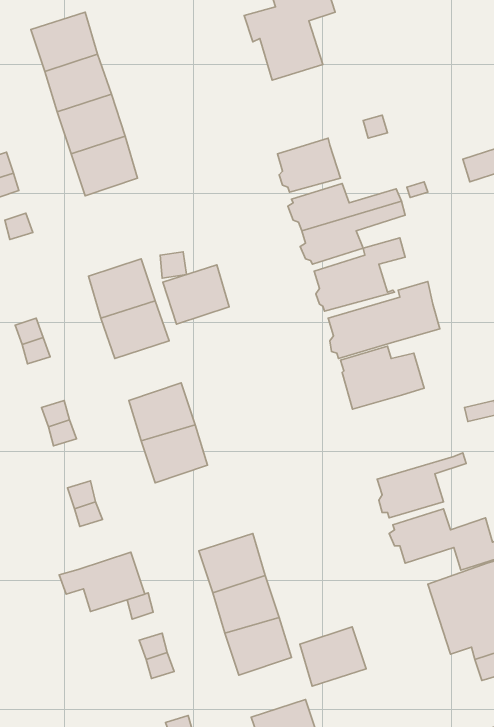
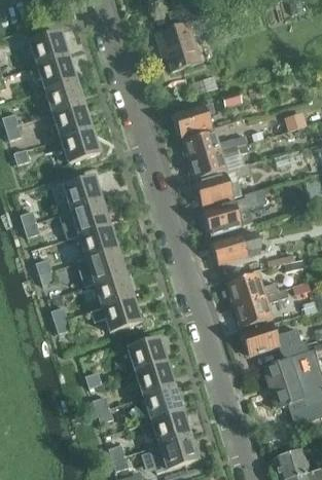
building: none -> [61,128,100,162]
building: [163,265,229,324] -> [78,224,117,259]
building: none -> [224,272,278,305]
building: [59,552,145,612] -> [91,297,141,332]
building: [300,627,366,686] -> [151,410,190,445]

